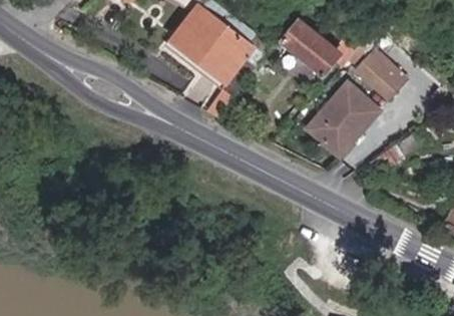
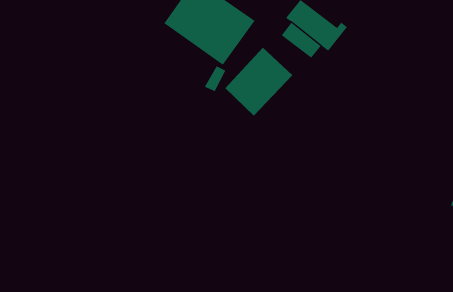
building: [357,51,408,100] -> none
building: [310,85,378,154] -> [224,47,293,117]

